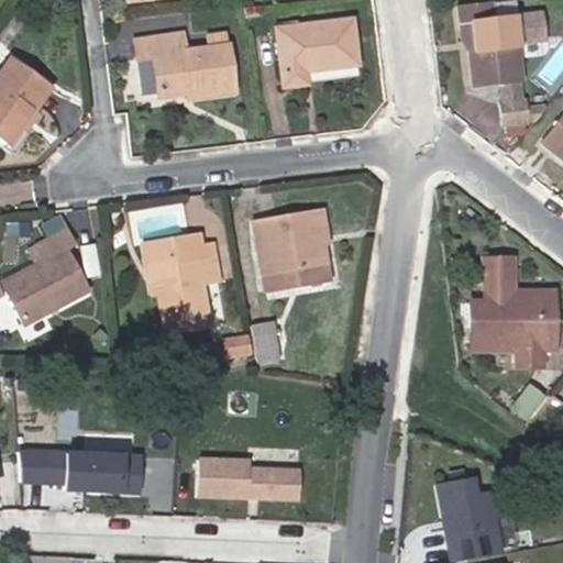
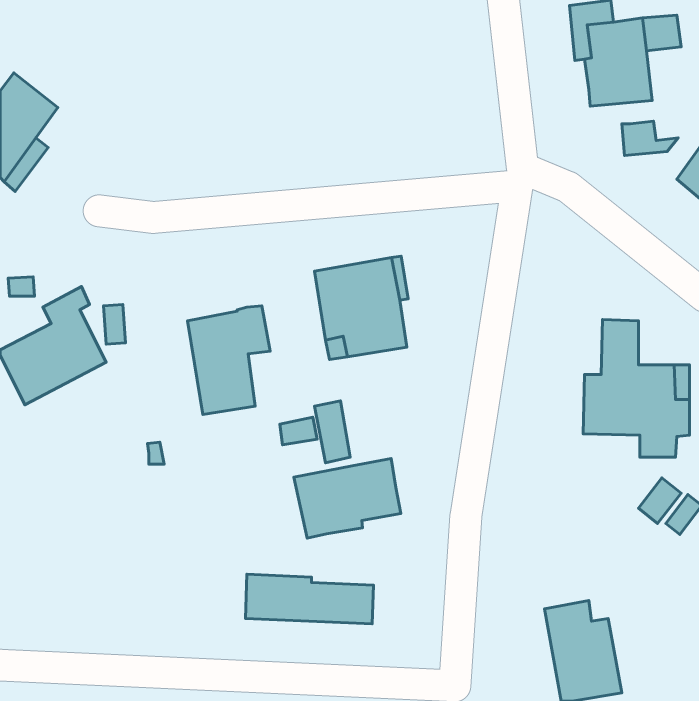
building: [278,20,356,86] -> none
building: [139,32,235,97] -> none
building: [145,234,201,291] -> none
building: none -> [294,459,401,538]
building: [21,451,143,492] -> none

